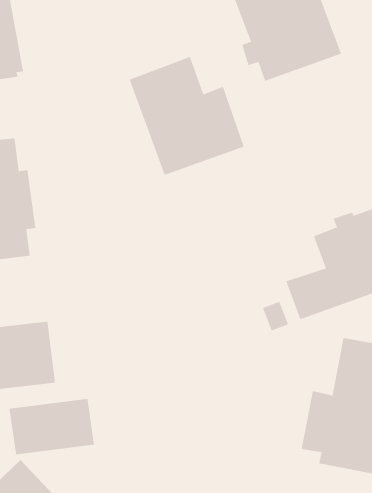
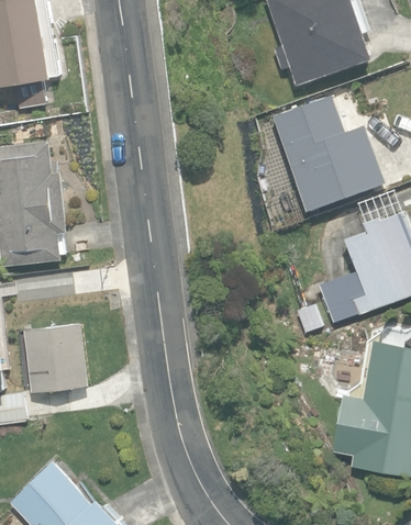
building: [129,56,245,176] -> [271,93,387,212]
building: [9,398,94,455] -> none

